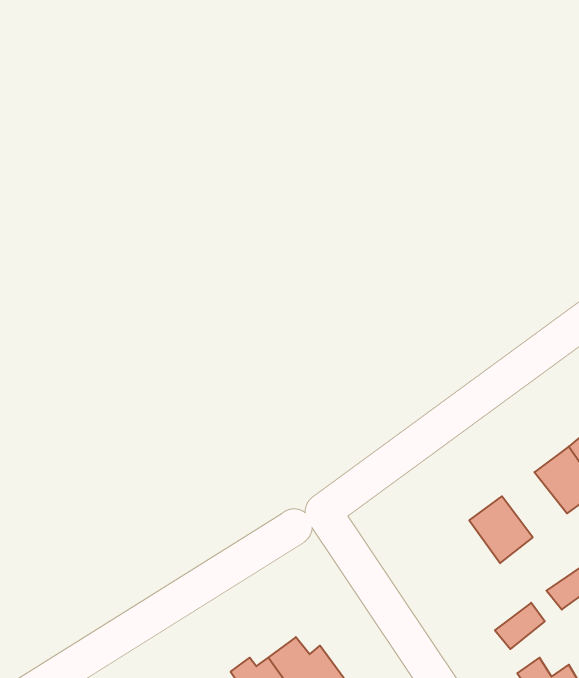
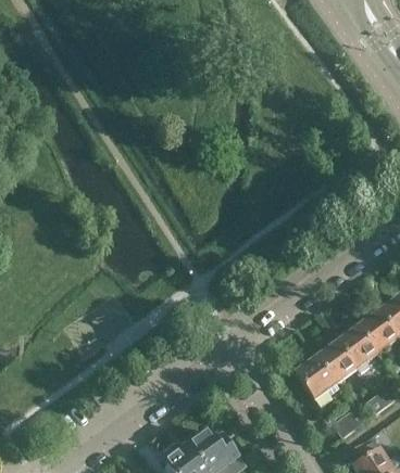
building: none -> [337,328,378,369]
building: none -> [295,358,336,401]

